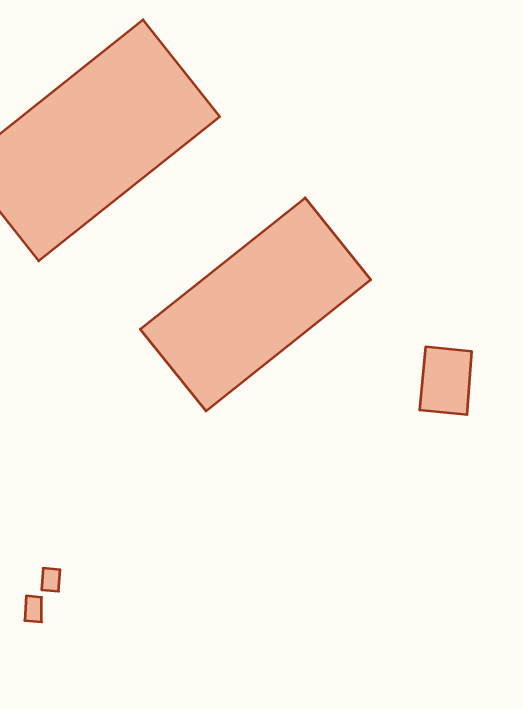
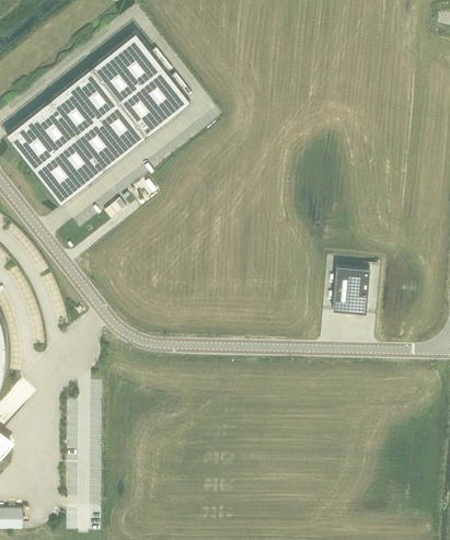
building: [140,198,371,411] -> none

